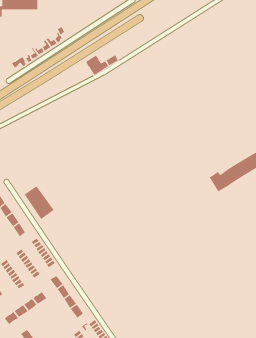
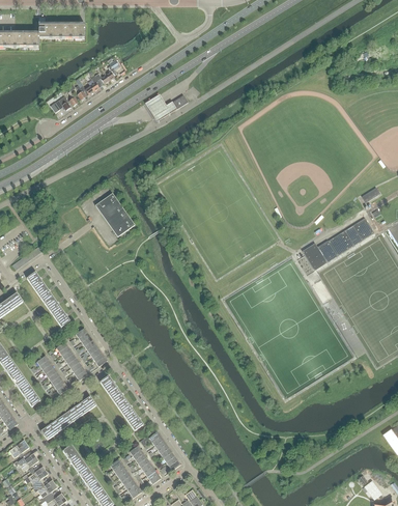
building: [24,185,55,220] -> [95,193,135,236]

